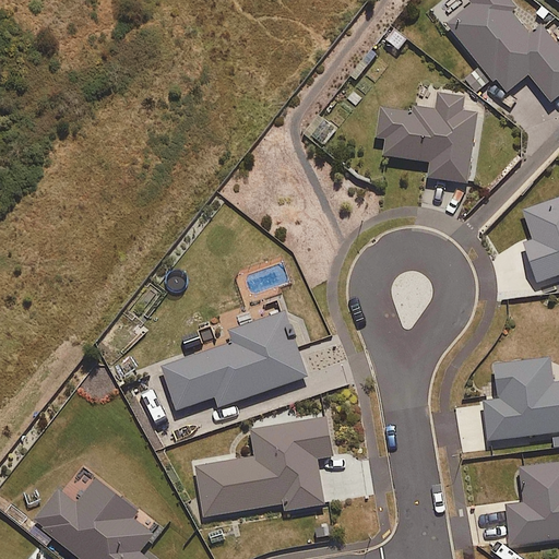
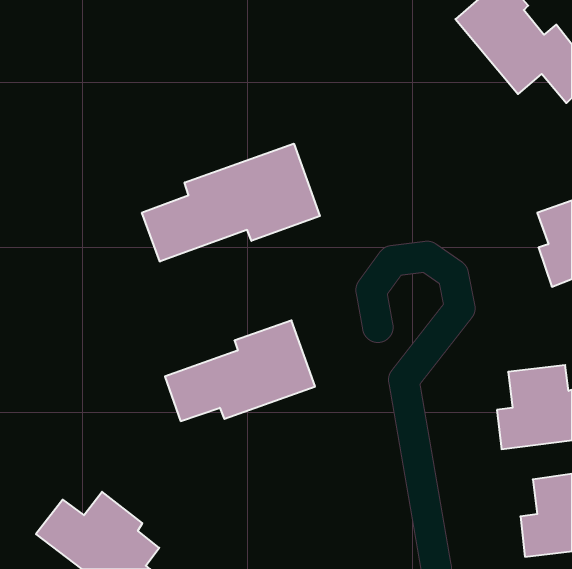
building: [377,91,477,181] -> none
building: none -> [142,144,320,262]
building: [195,418,331,516] -> none

